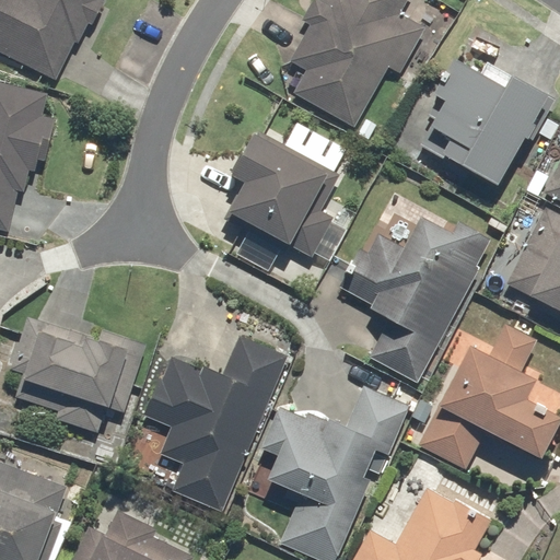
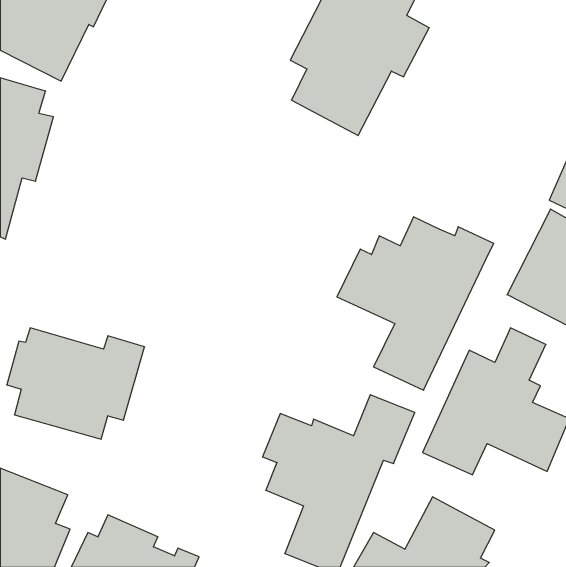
building: [408,58,546,186] -> none
building: [228,128,348,259] -> none
building: [144,339,283,516] -> none

